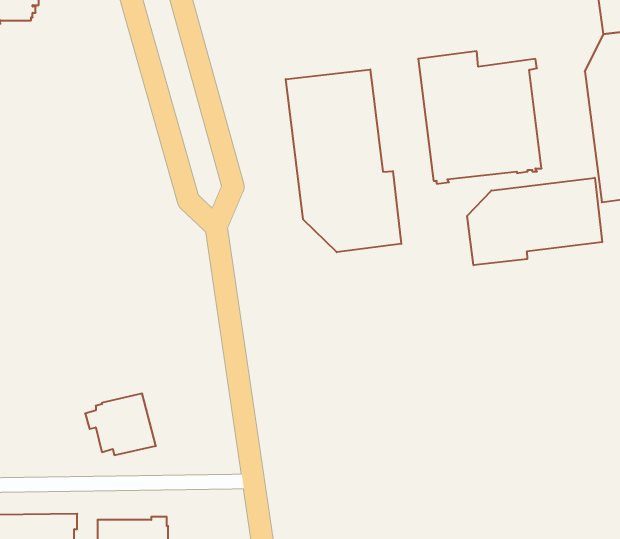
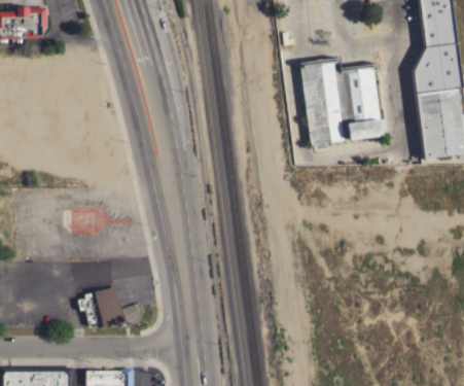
building: [286,69,401,252] -> none
building: [467,178,602,265] -> none

